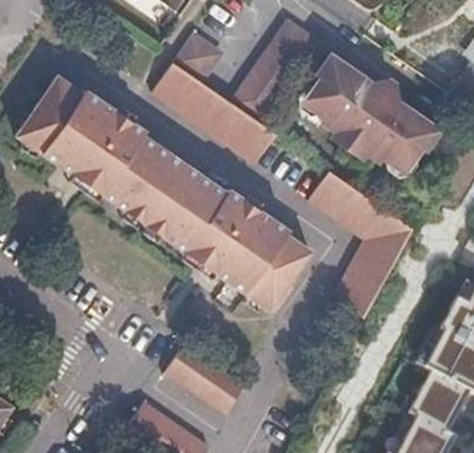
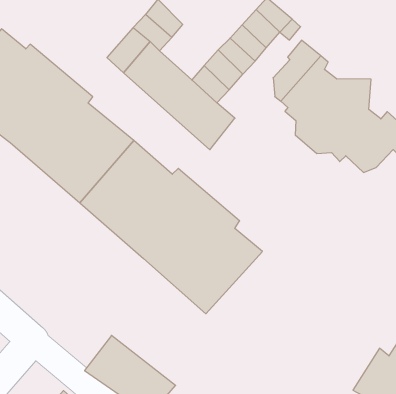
building: [309,167,414,319] -> none

